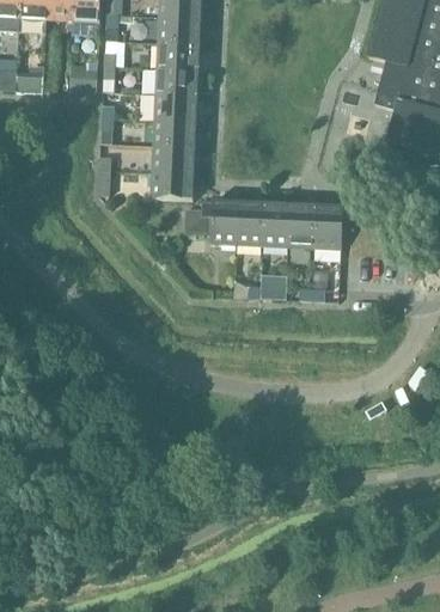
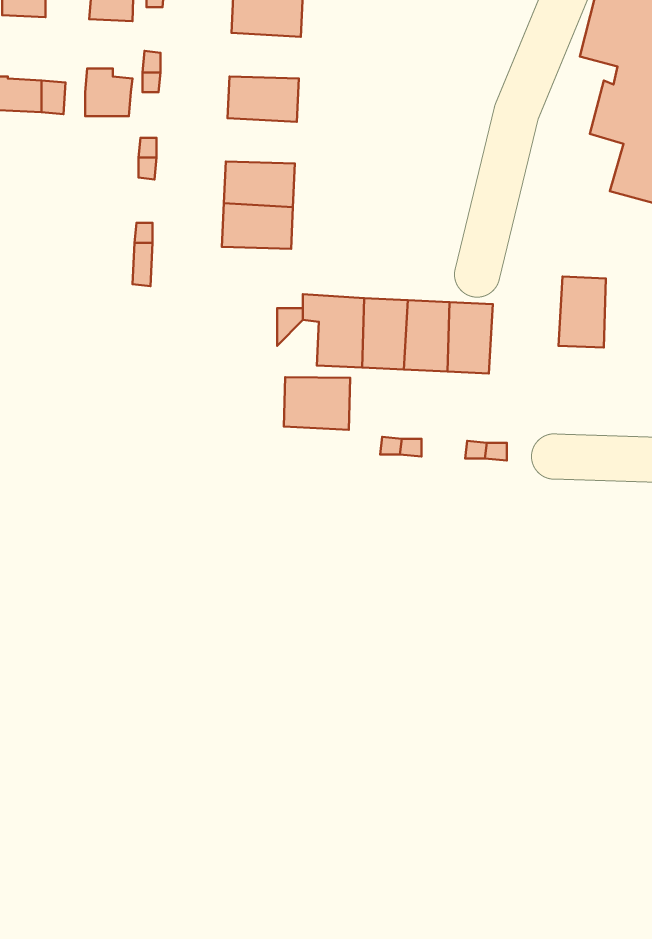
building: [155,41,198,68] -> none
building: [153,92,196,120] -> none
building: [149,170,192,198] -> none
building: [312,204,341,247] -> [558,276,606,348]
building: none -> [284,377,350,430]

